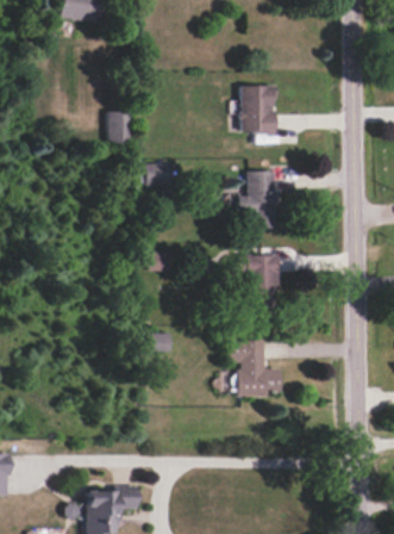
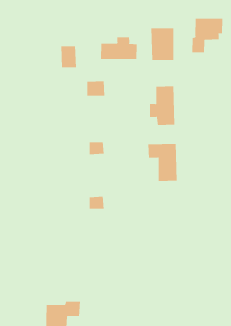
building: none -> [192,18,223,53]
building: none -> [101,37,137,60]
building: [229,339,282,396] -> none

